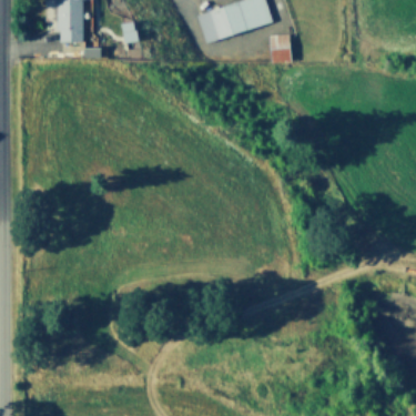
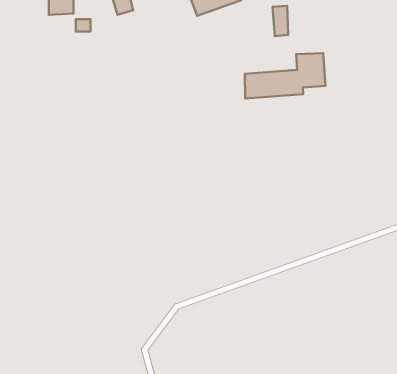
building: none -> [245,53,326,99]

